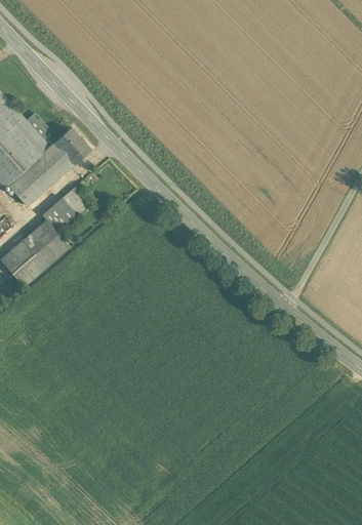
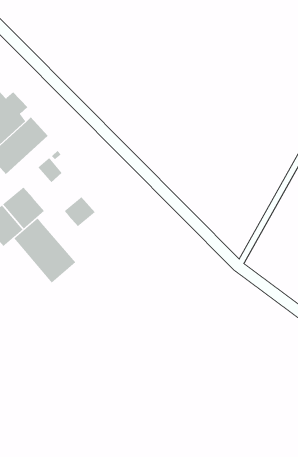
building: [53,128,89,164] -> none
building: [41,199,76,233] -> [64,196,95,227]
building: none -> [13,217,76,283]

